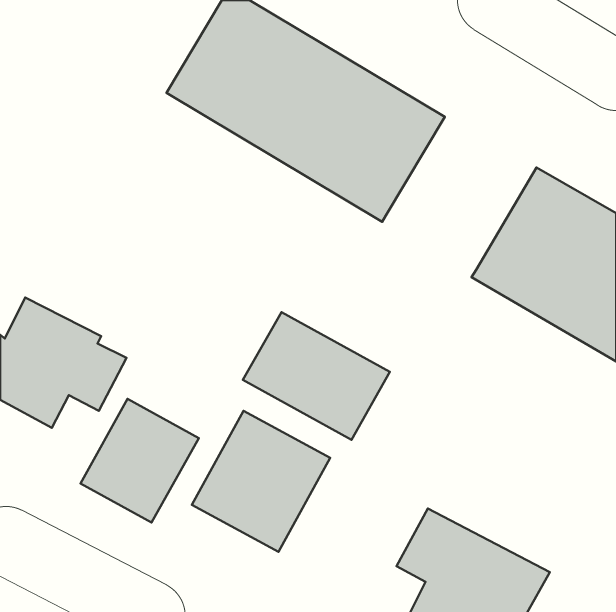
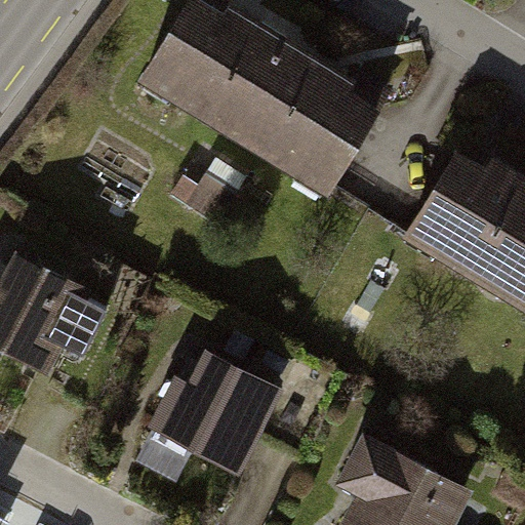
building: [243,312,390,440] -> none
building: [80,399,199,523] -> none

